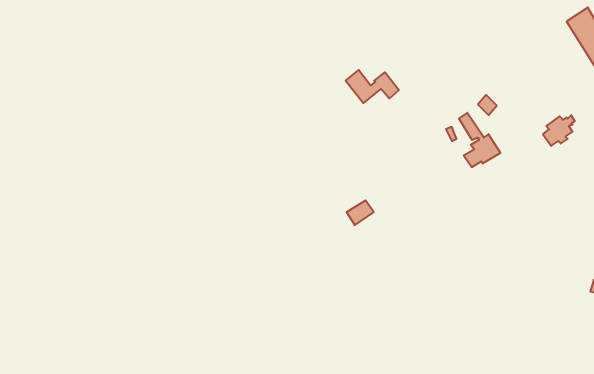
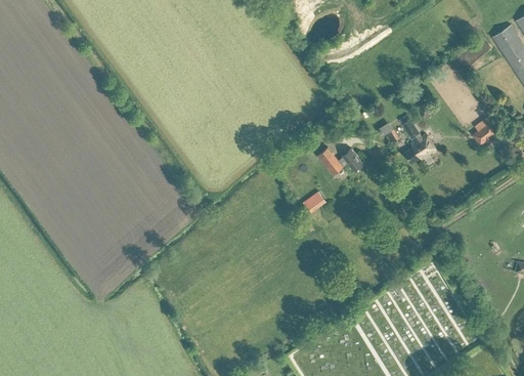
building: [346,70,399,103] -> [317,148,363,176]

